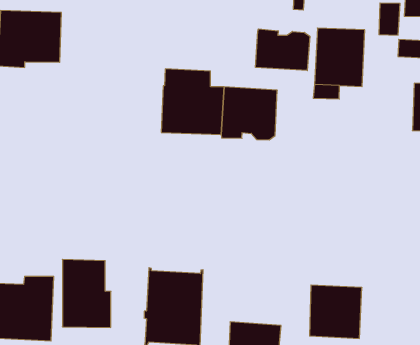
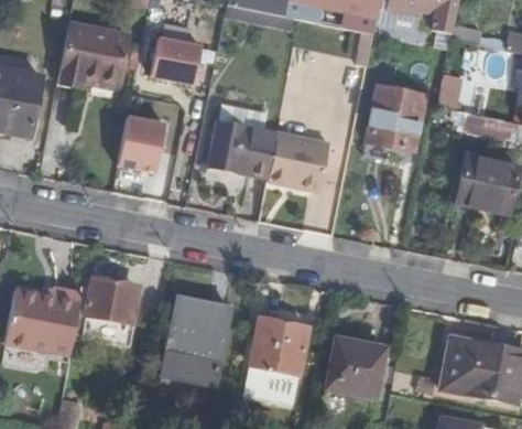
building: none -> [148,31,203,84]
building: [256,29,310,71] -> none
building: none -> [117,111,164,170]
building: none -> [250,317,308,374]

